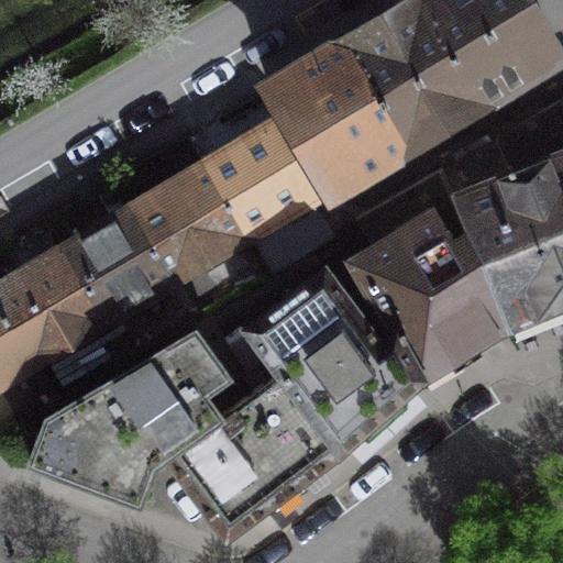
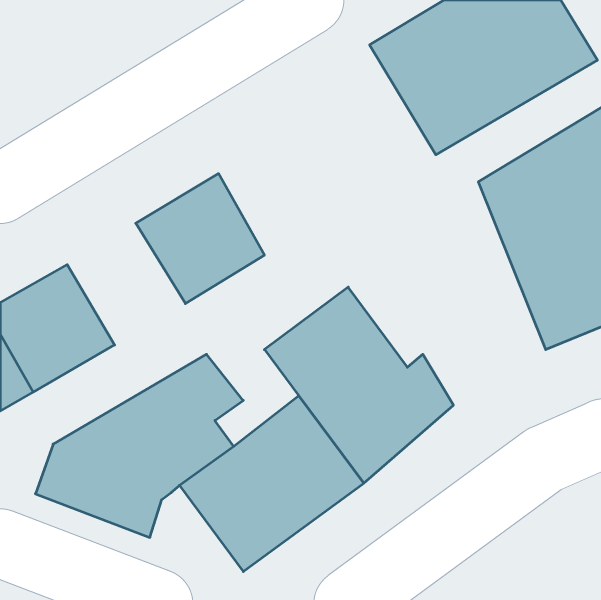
building: [269,45,408,192] -> none
building: [206,126,316,241] -> none
building: [352,169,510,380] -> none
building: [65,211,175,324] -> none

